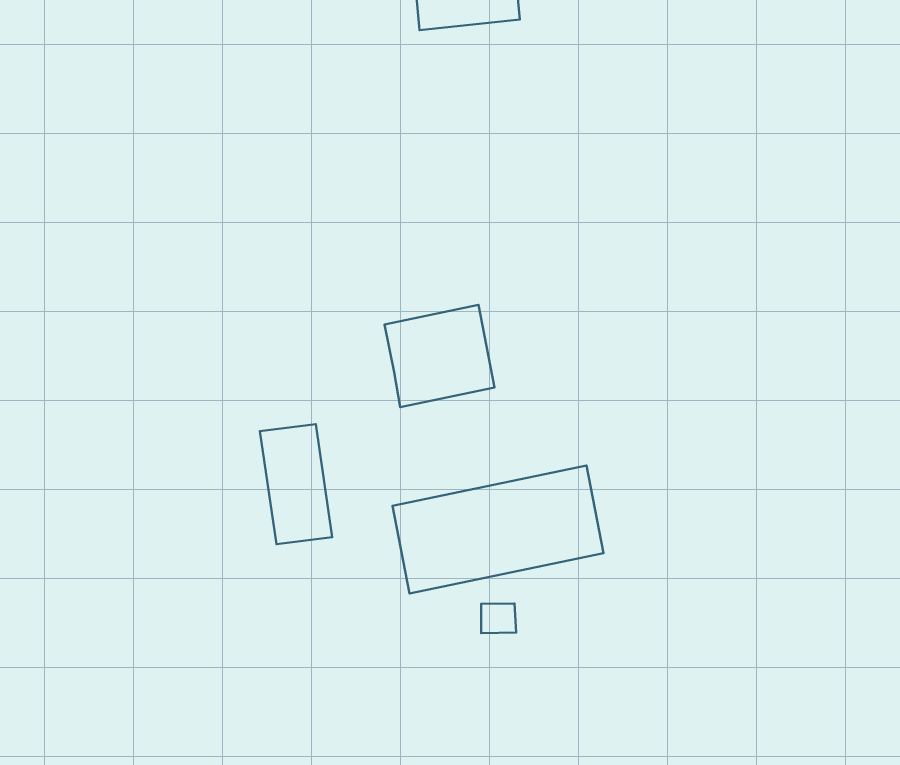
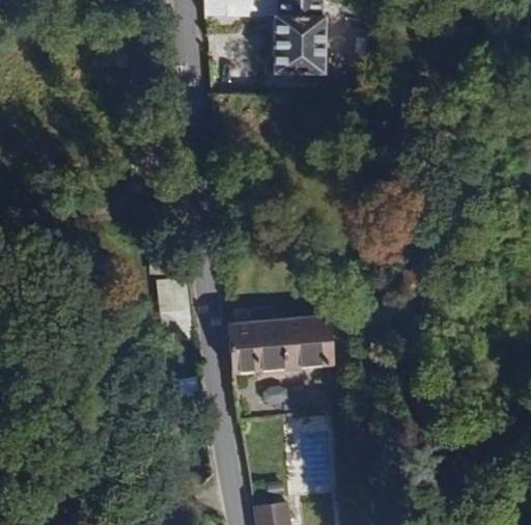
building: [384,305,495,407] -> none

